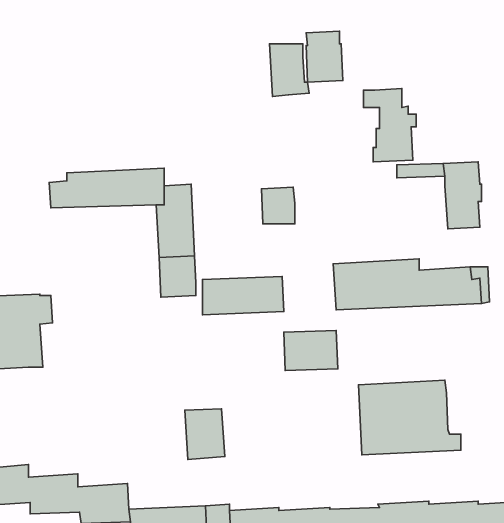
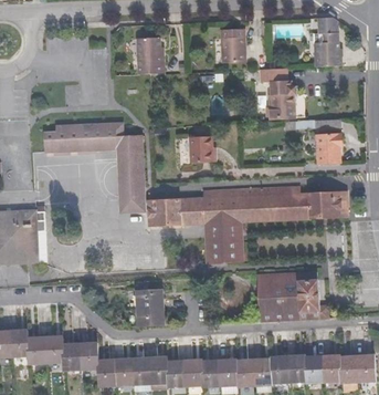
building: none -> [313,17,341,66]
building: [269,44,309,97] -> [136,38,164,74]
building: none -> [203,189,241,237]

